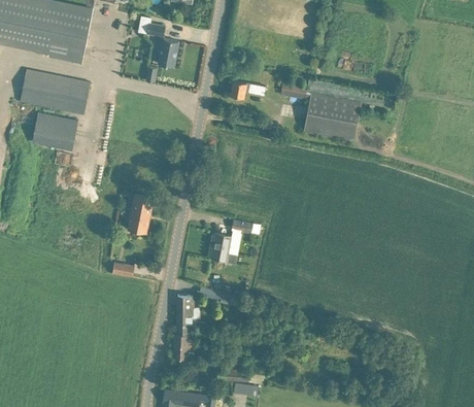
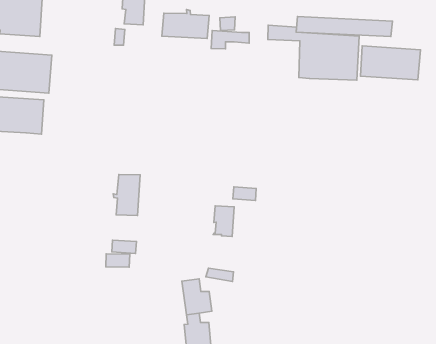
building: none -> [162,10,209,39]
building: none -> [360,46,421,80]

